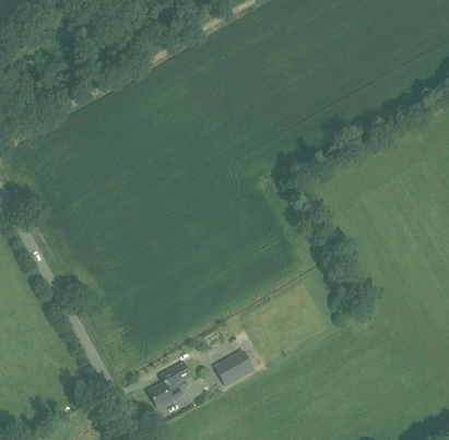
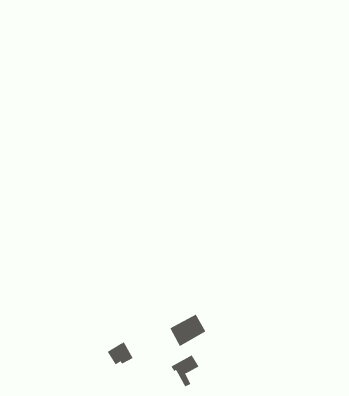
building: [162,361,192,396] -> [171,354,199,387]

